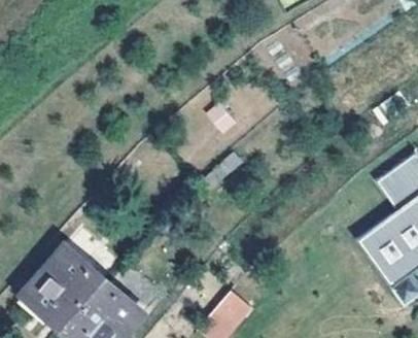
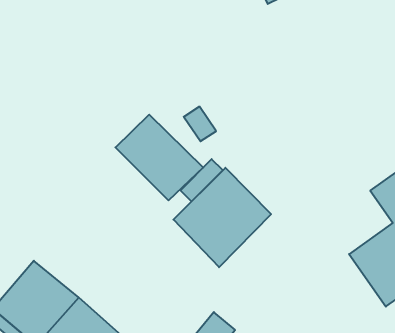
building: none -> [115,115,203,200]
building: none -> [173,168,271,267]

